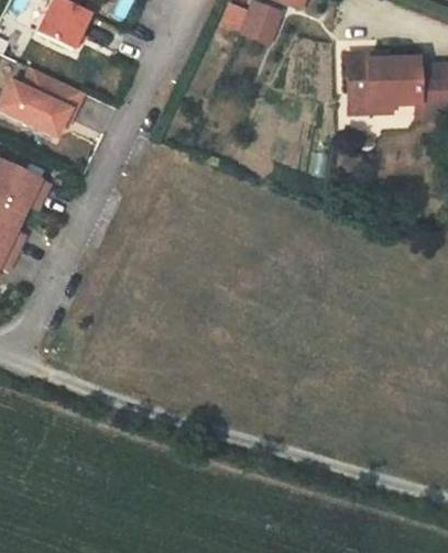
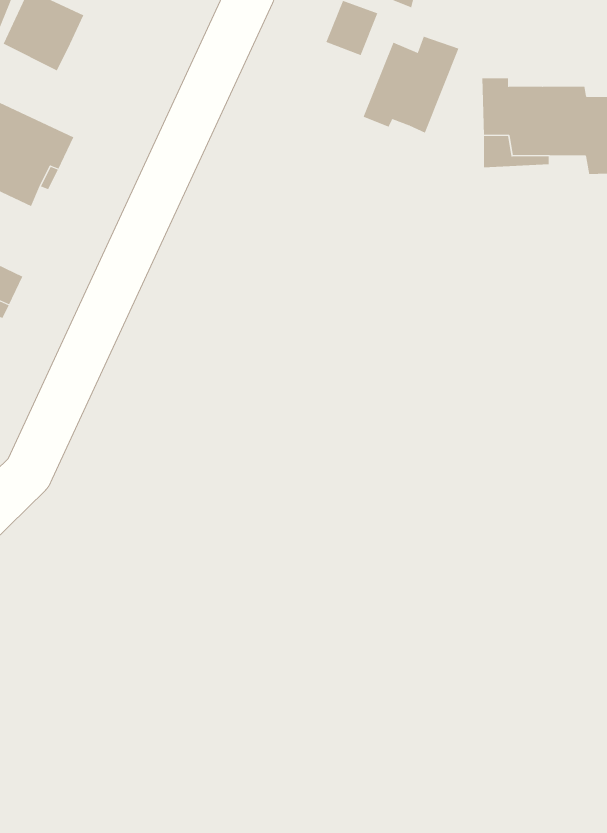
building: none -> [363,36,459,133]

